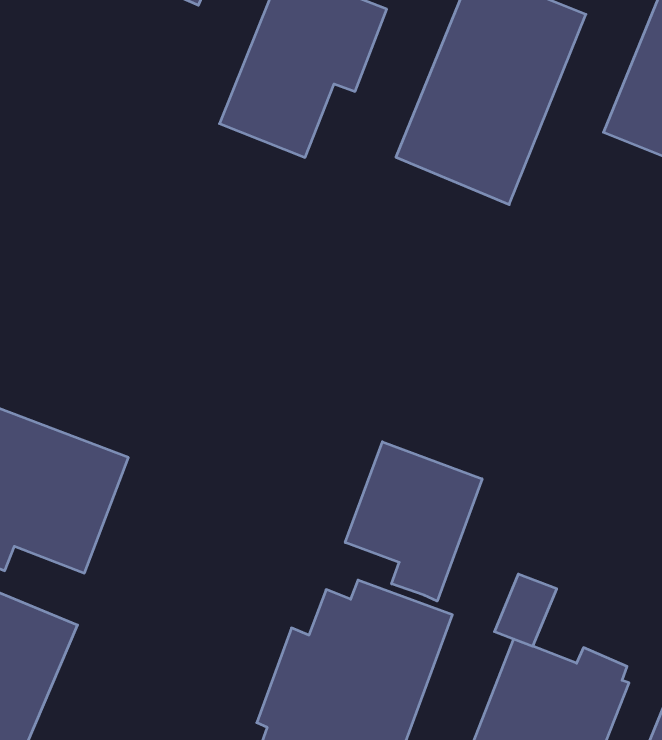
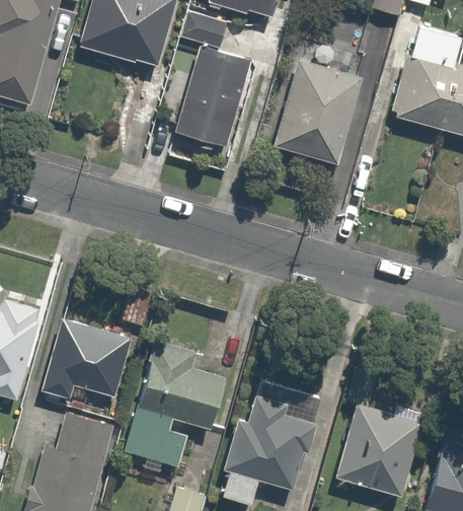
building: [345,442,482,601] -> none
building: none -> [125,332,228,465]

